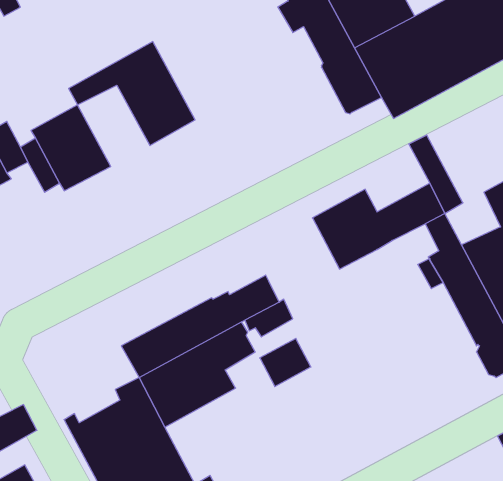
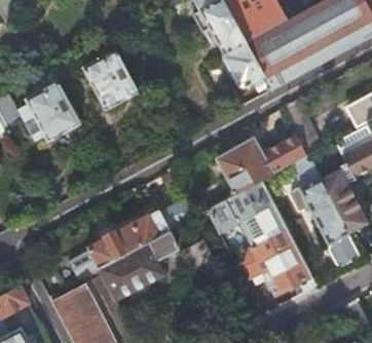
building: none -> [206,180,317,294]

